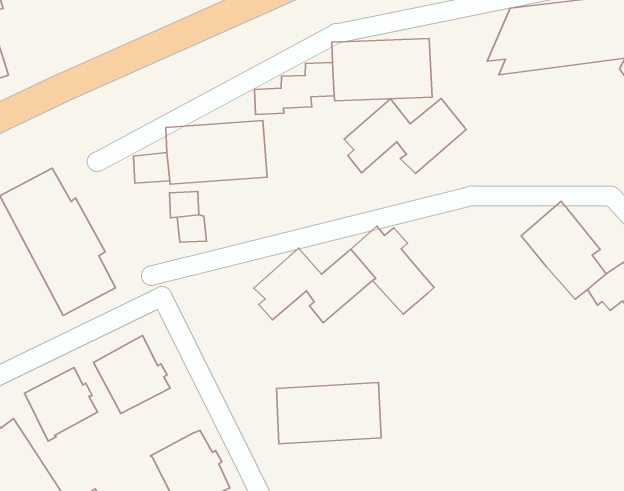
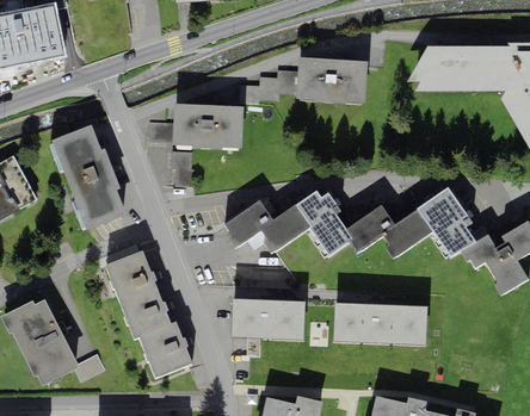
building: [344,98,466,174] -> [346,204,433,259]
building: [25,368,97,441] -> [121,288,171,339]
building: none -> [333,302,427,344]

